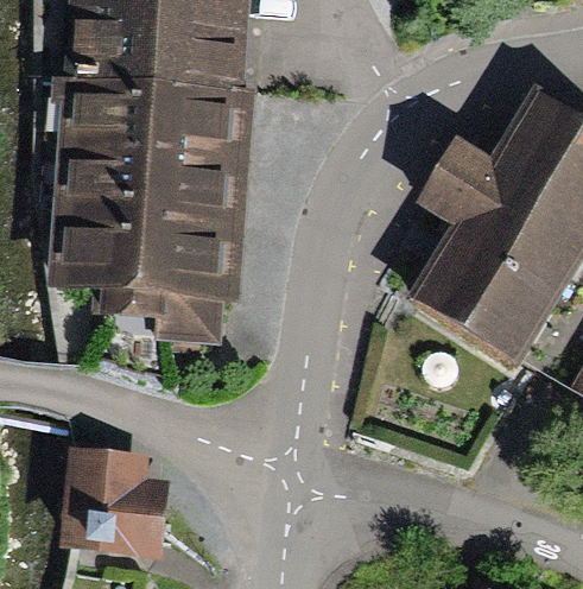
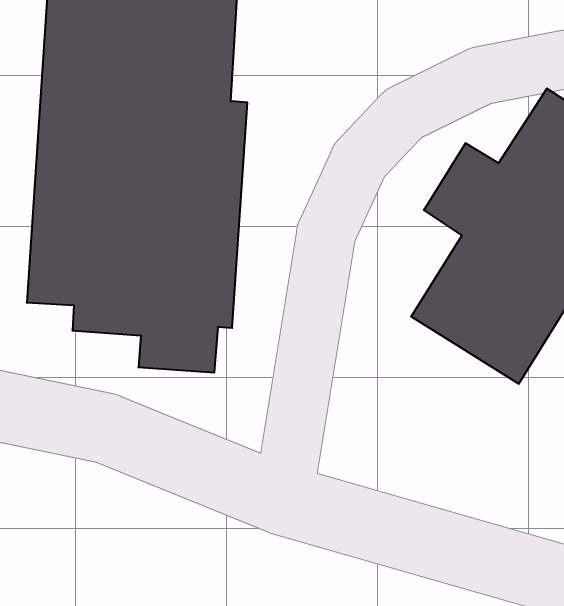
building: [66,449,173,558] -> none

